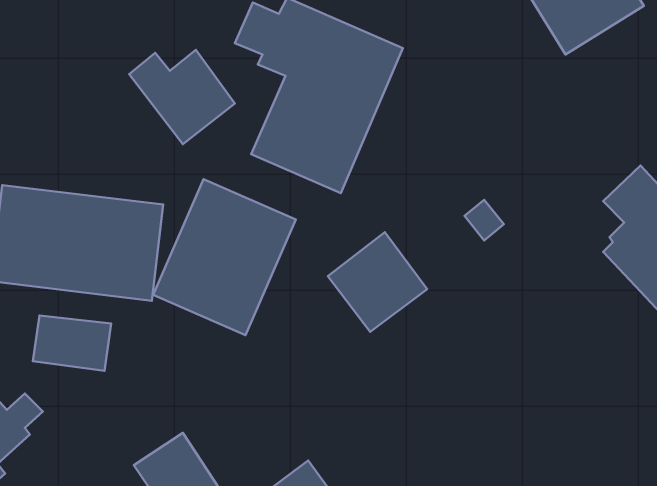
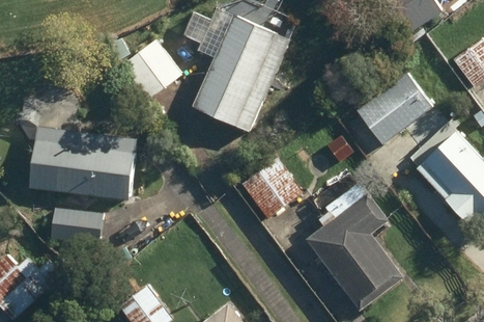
building: none -> [358,71,433,143]
building: [153,179,296,335] -> none
building: none -> [305,190,403,310]

